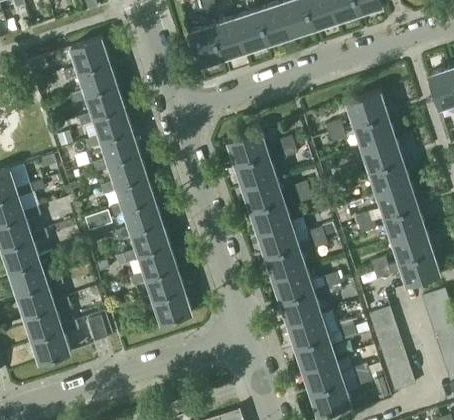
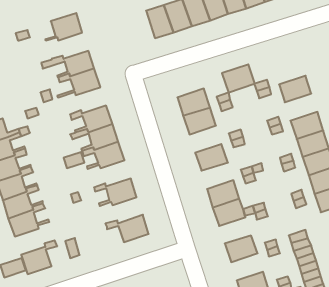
building: [64,62,117,95] -> none
building: [347,92,388,127] -> [222,64,255,92]
building: [79,130,139,164] -> none
building: [362,138,403,172] -> none
building: [243,178,283,212] -> none
building: [116,221,170,255] -> none
building: [258,224,298,257] -> none
building: [131,267,185,300] -> none
building: [280,292,320,325] -> none
building: [25,298,75,339] -> none
building: [295,337,335,371] -> none

